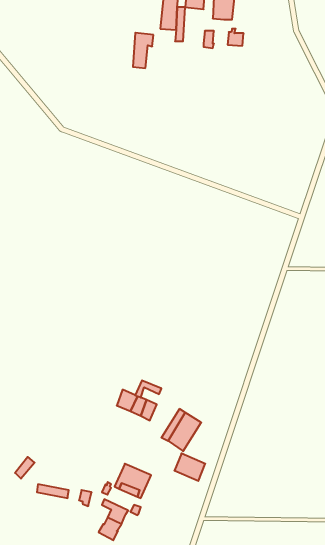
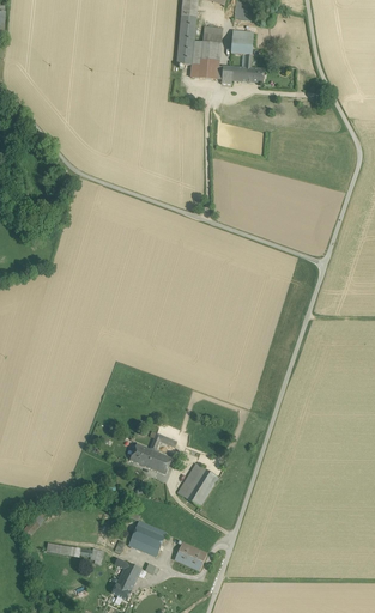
building: [133,33,153,68] -> [199,41,220,78]
building: [174,453,205,481] -> [174,541,206,570]

